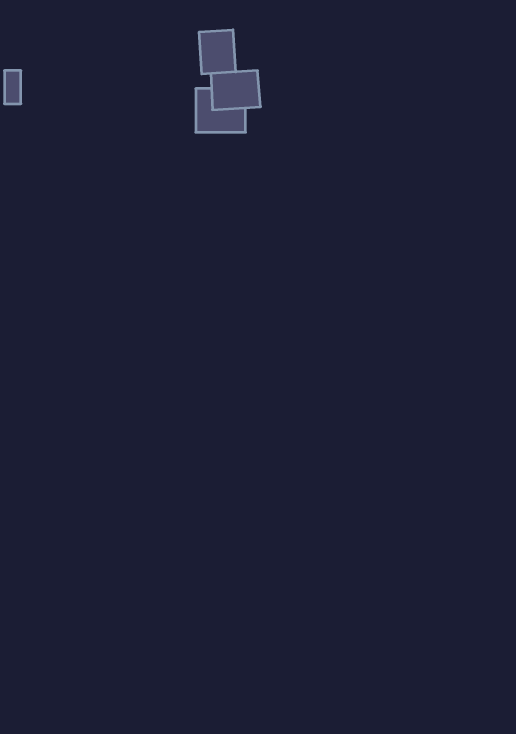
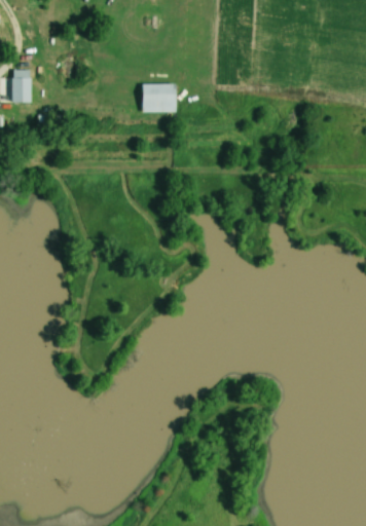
building: [199,30,236,74] -> none

